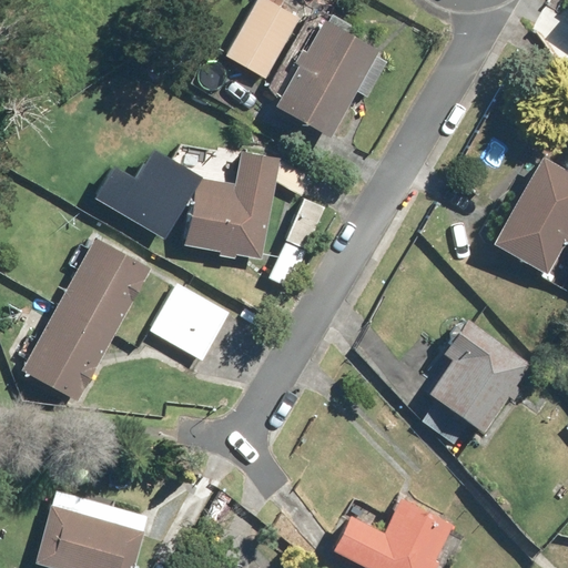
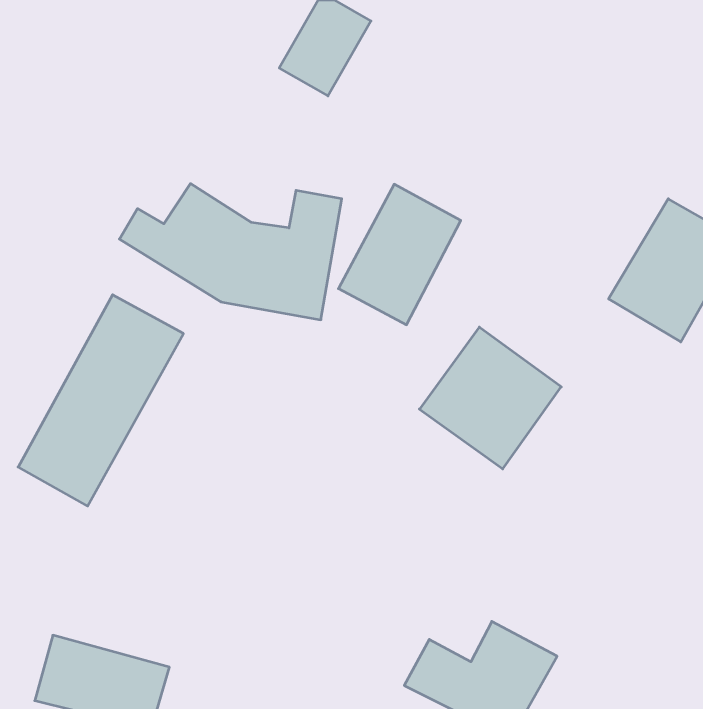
building: [278,23,376,135] -> [338,184,461,325]
building: [151,286,234,365] -> none
building: [417,317,530,430] -> [419,327,561,469]

